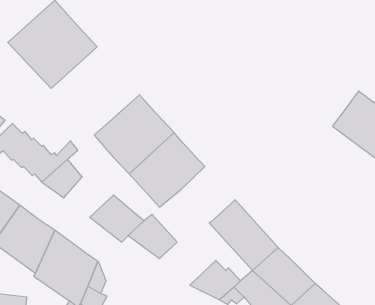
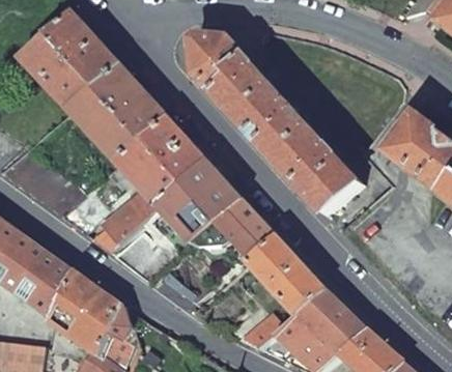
building: none -> [190,33,356,211]
building: none -> [66,61,166,161]
building: none -> [85,185,154,249]
building: none -> [214,196,274,258]

